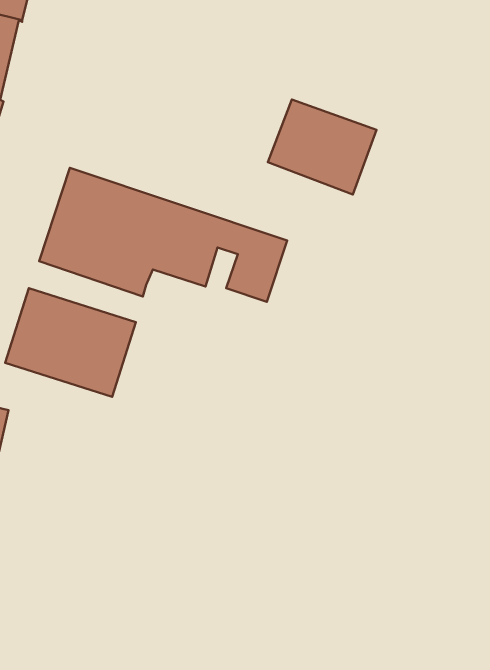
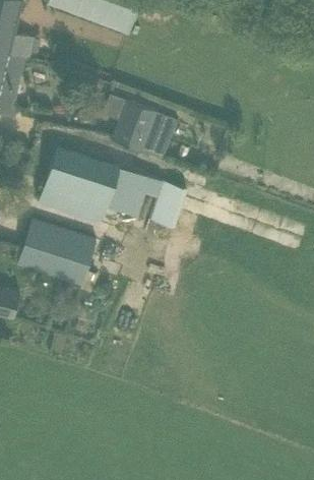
building: [268,99,377,194] -> [112,101,177,158]

